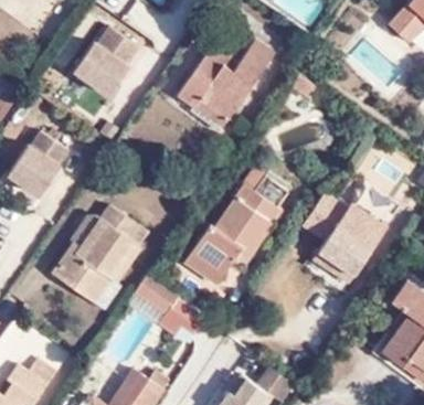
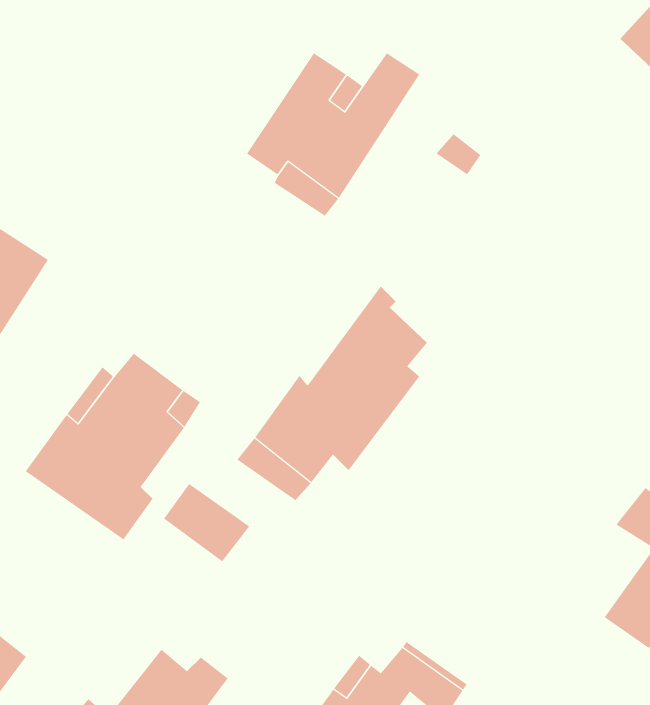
building: [62,25,140,104] -> none
building: [300,192,386,277] -> none

